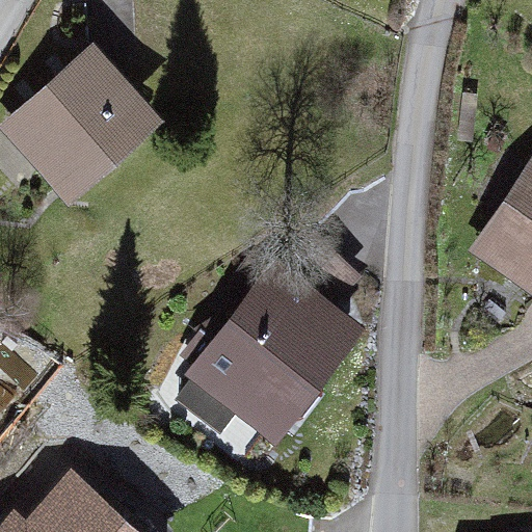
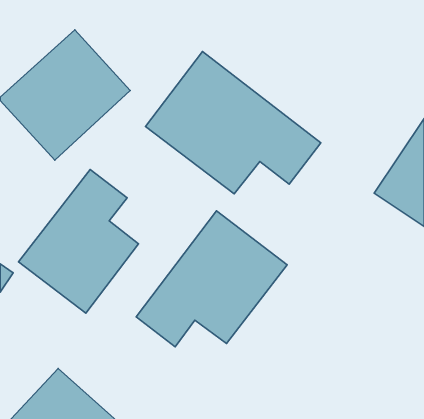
building: none -> [145,52,321,194]
building: none -> [19,169,139,313]

